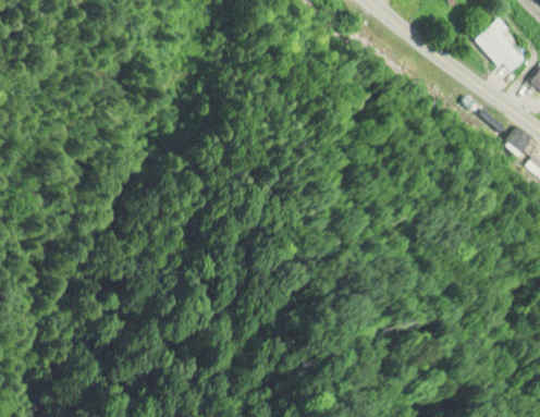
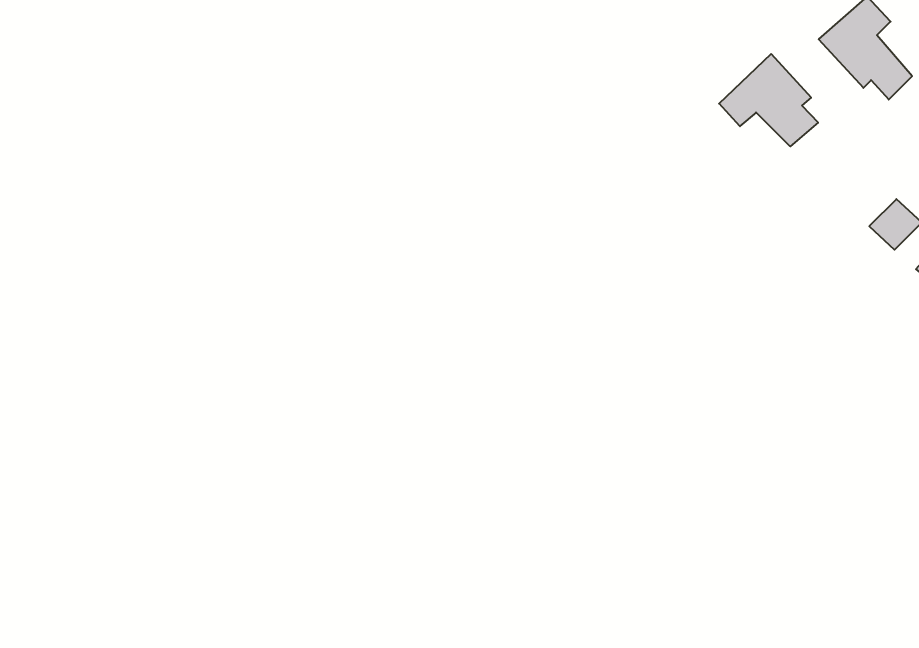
building: none -> [719,54,818,146]

